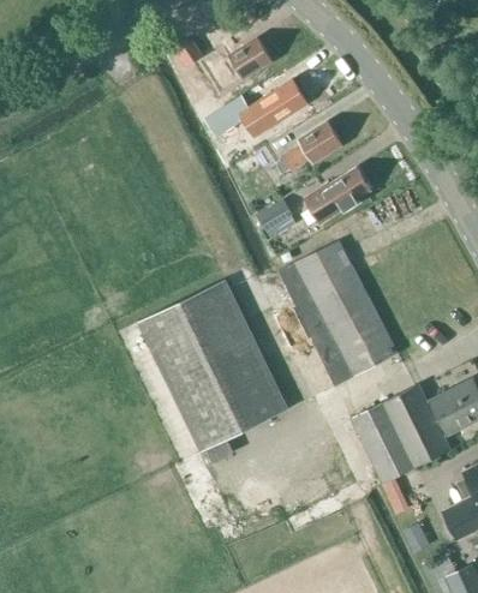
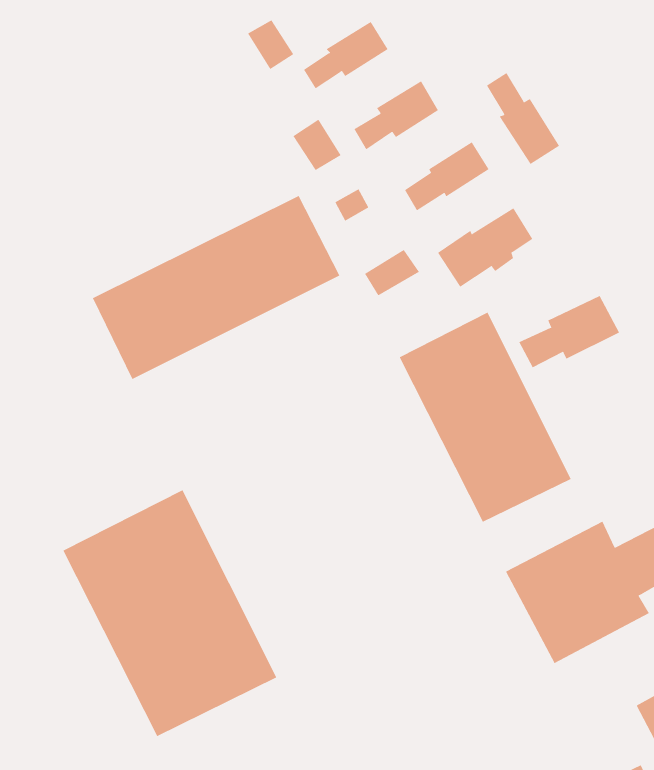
building: none -> [486,72,560,165]
building: none -> [92,195,340,380]
building: none -> [518,295,620,368]
building: [142,281,289,451] -> [63,489,277,737]

